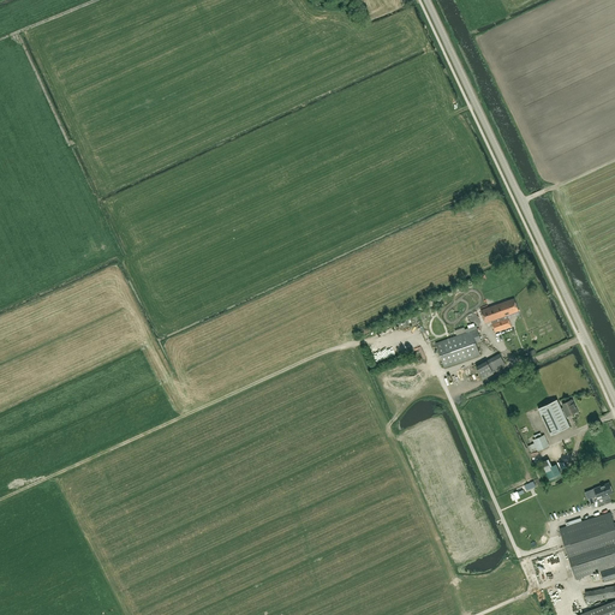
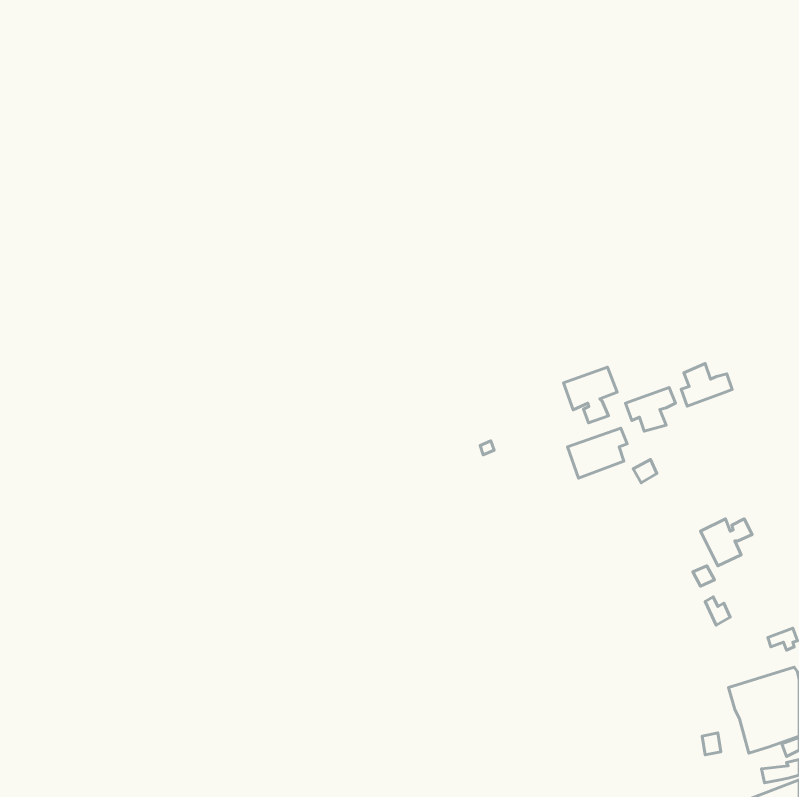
building: none -> [681,363,732,406]
building: none -> [563,367,617,423]

